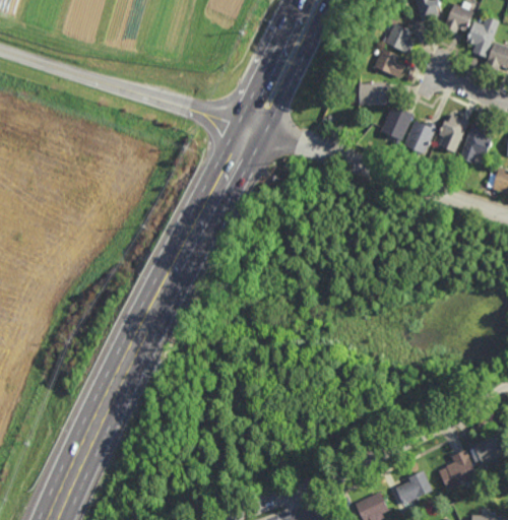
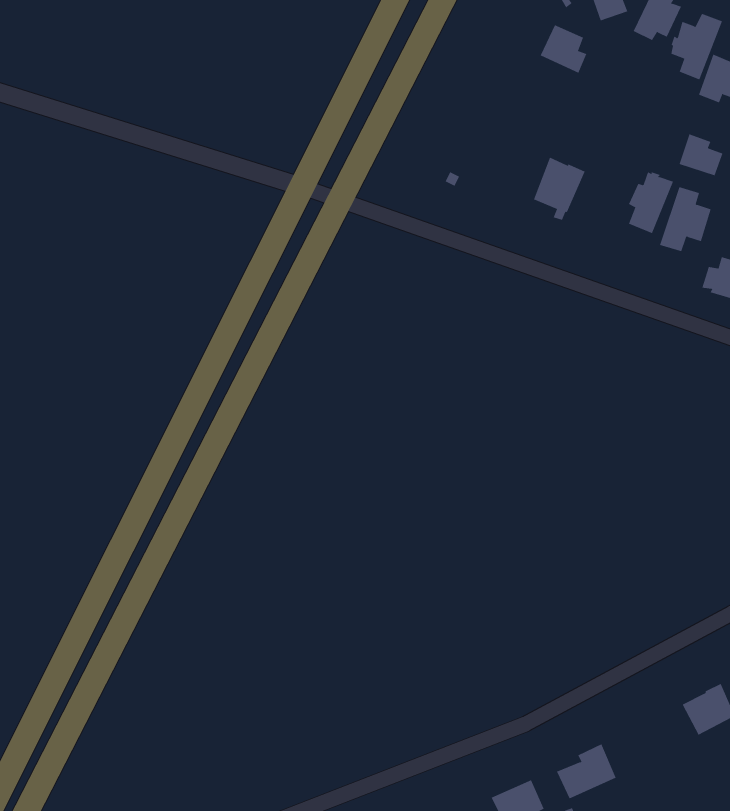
building: [374,47,405,77] -> none
building: [360,81,388,105] -> none
building: none -> [679,134,723,176]
building: [404,120,438,153] -> none
building: [438,449,479,491] -> none

